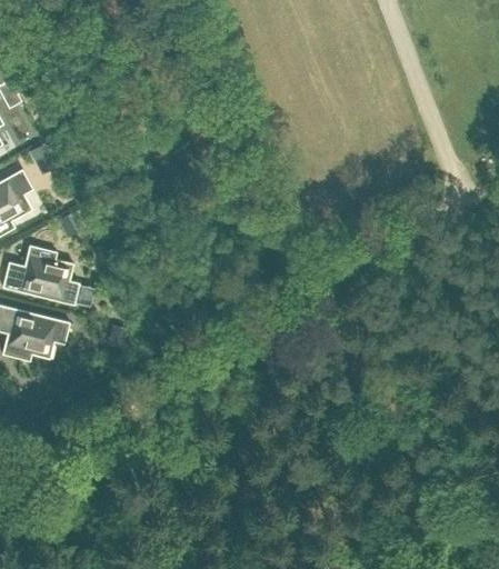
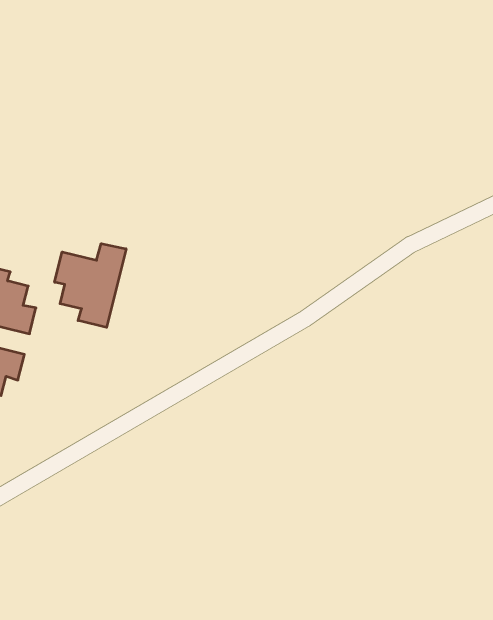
building: none -> [55,244,126,327]

